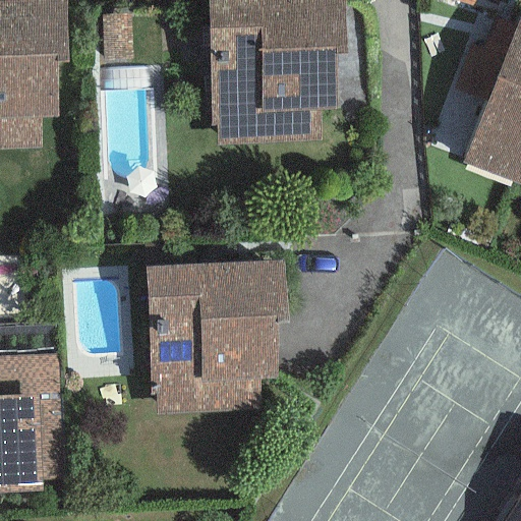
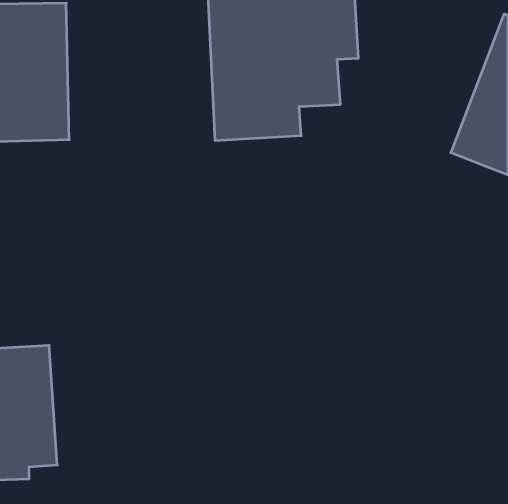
building: [134,257,275,411] -> none

